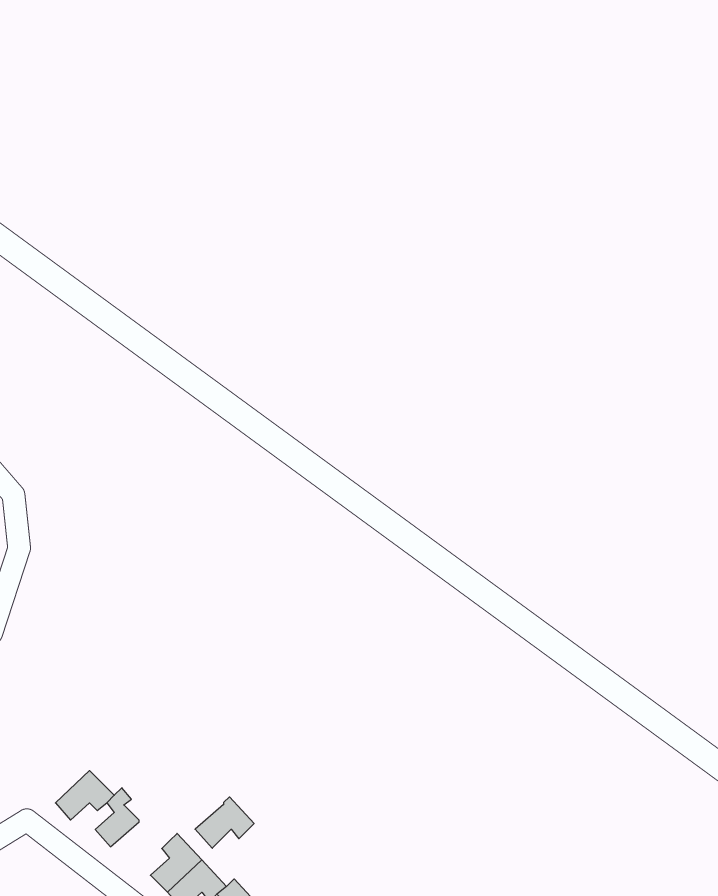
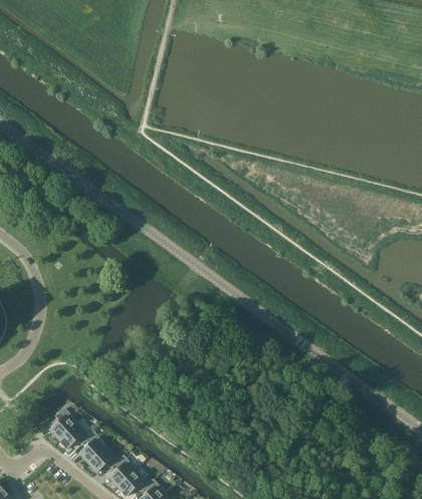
building: none -> [50,409,77,440]
building: [195,797,254,848] -> [88,446,120,473]

